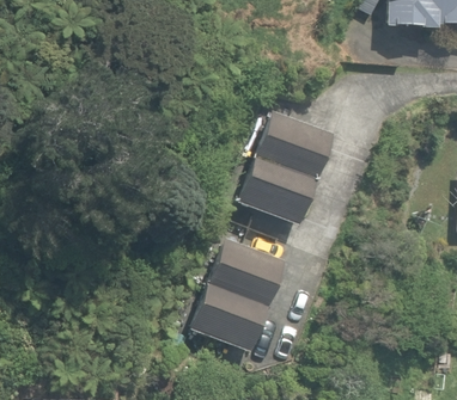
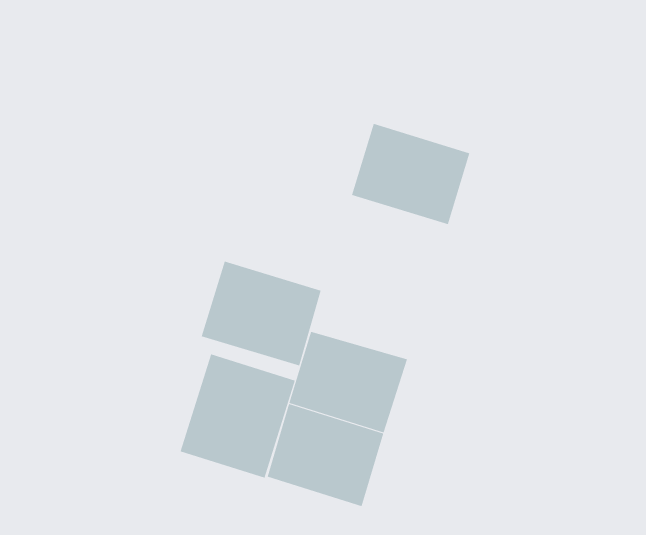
building: [239,155,317,224] -> [201,261,322,366]
building: none -> [180,353,296,479]

